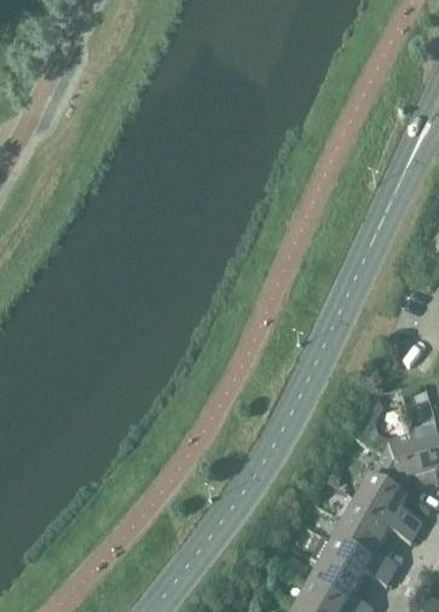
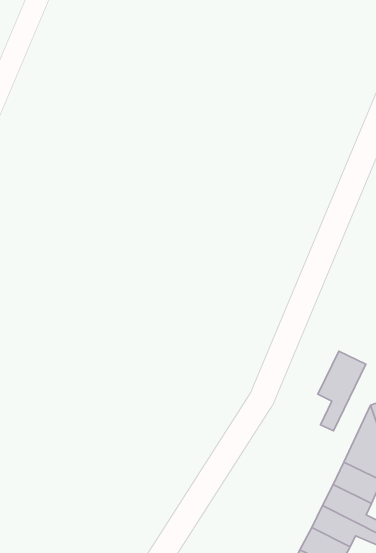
building: none -> [318,351,366,431]

